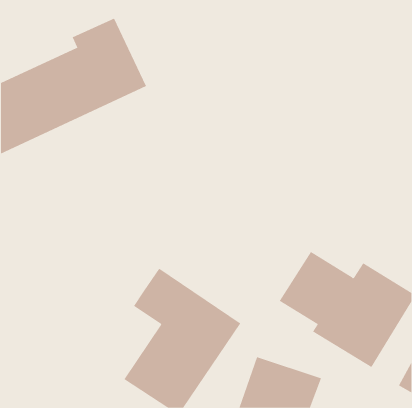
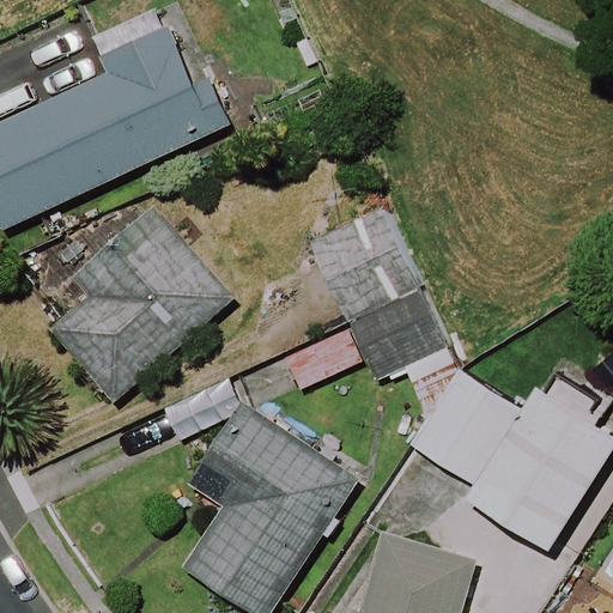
building: none -> [38,207,232,397]
building: none -> [274,212,443,394]

